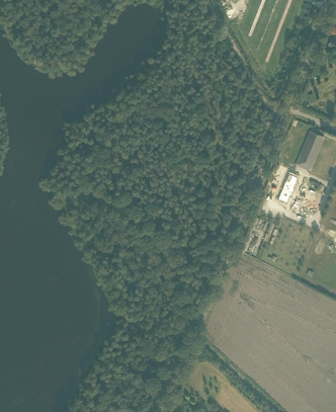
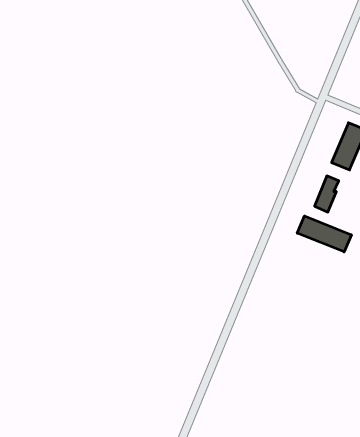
building: none -> [297,216,351,252]

